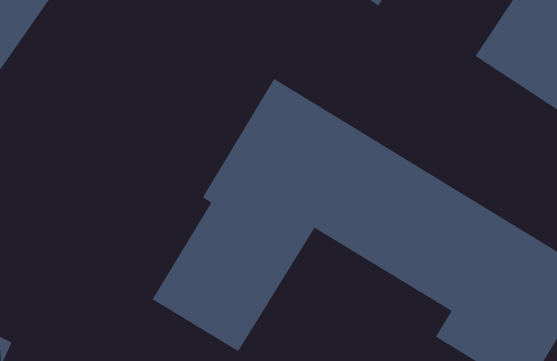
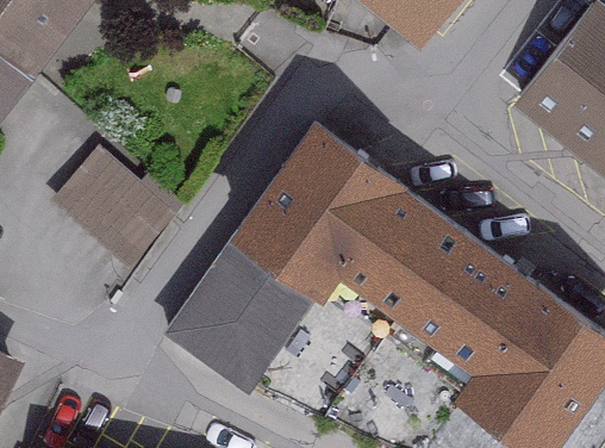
building: none -> [50,149,173,266]

